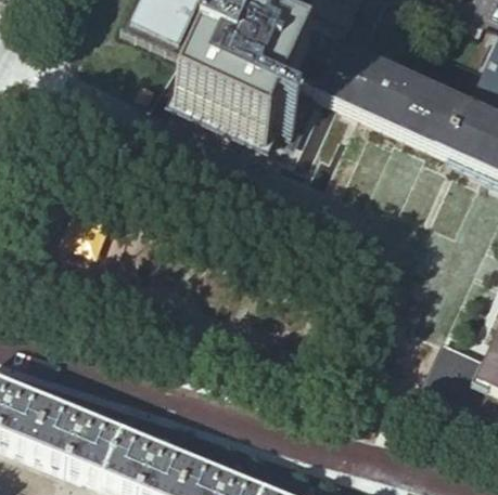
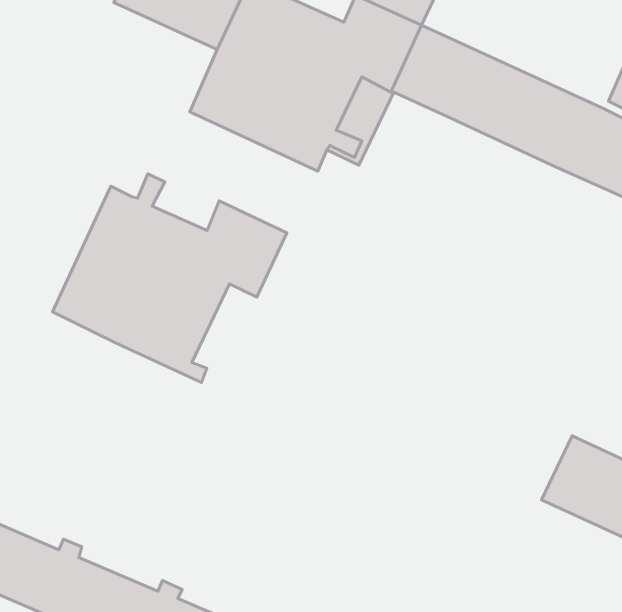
building: none -> [52,174,287,383]

